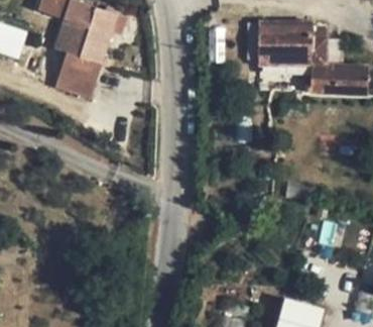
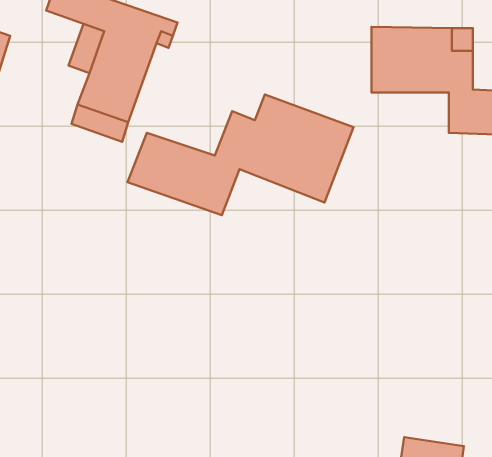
building: none -> [128,95,354,215]

